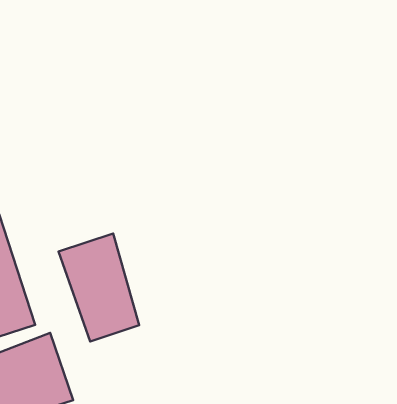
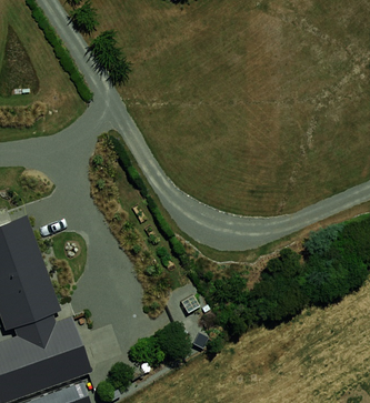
building: [58,234,139,341] -> none

